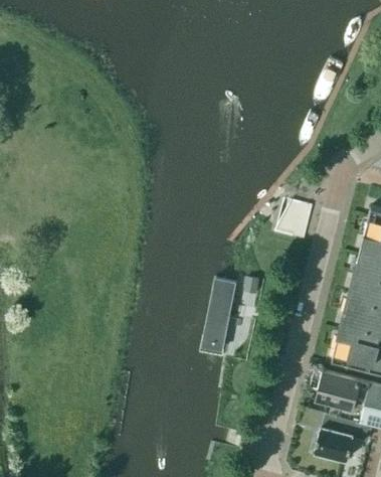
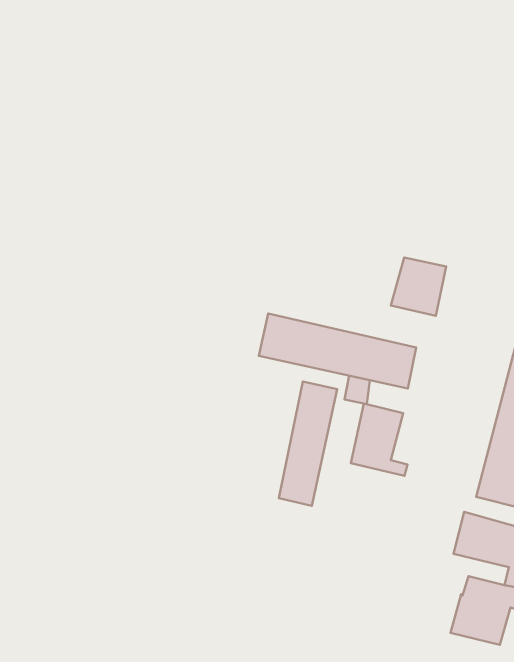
building: none -> [259,313,416,388]
building: none -> [351,403,408,476]

